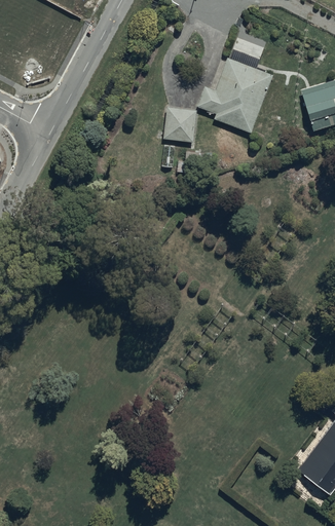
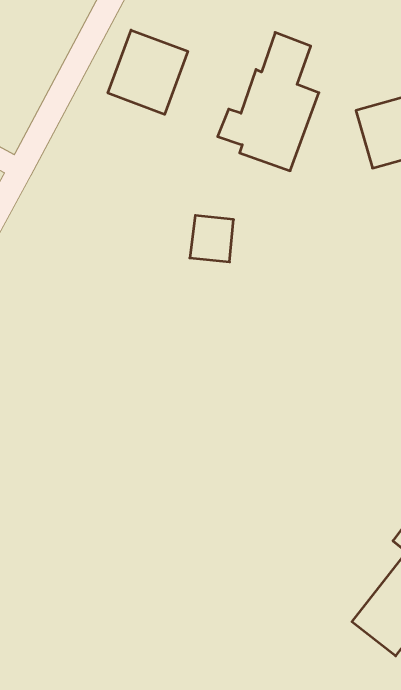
building: none -> [108,30,188,114]
building: [162,108,195,143] -> [190,215,234,262]

